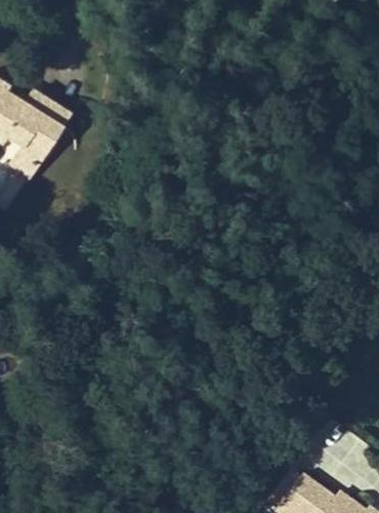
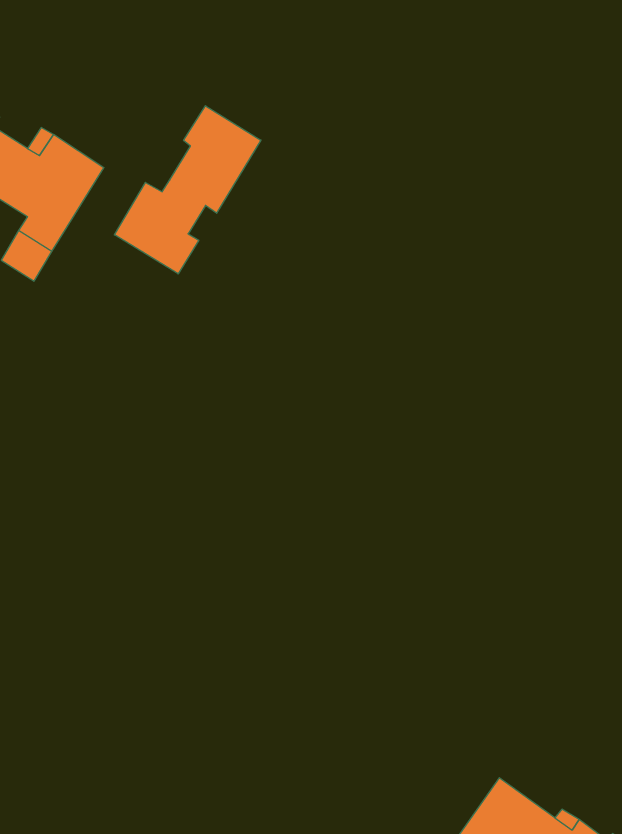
building: none -> [114,106,261,274]

